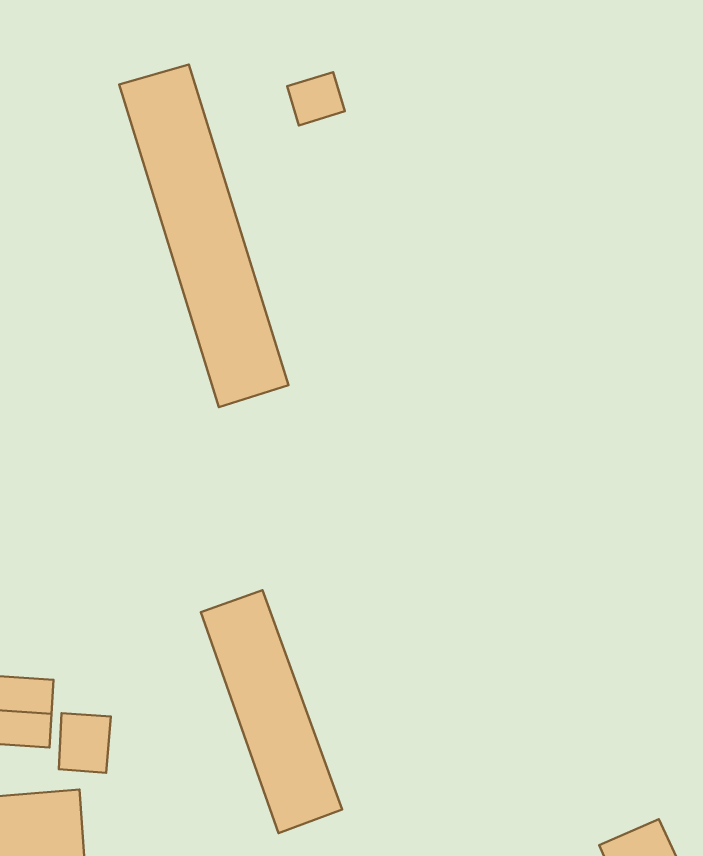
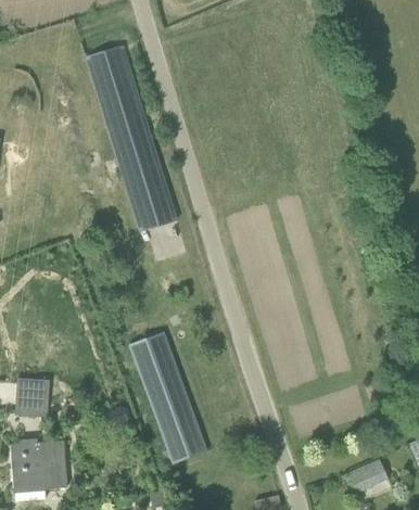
building: [287,72,345,125] -> none
building: [59,713,111,773] -> none

